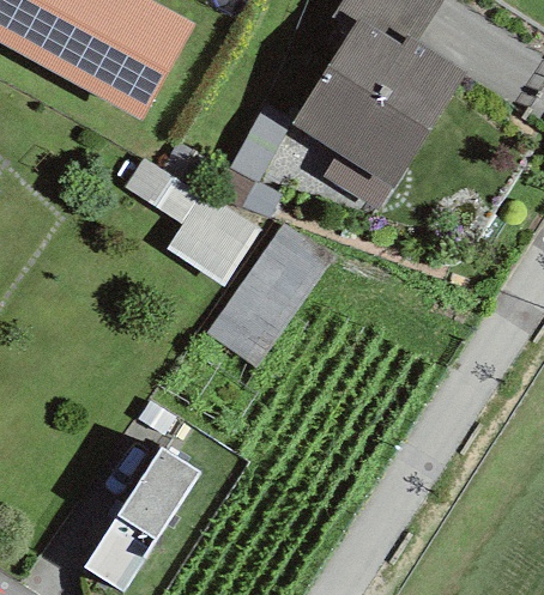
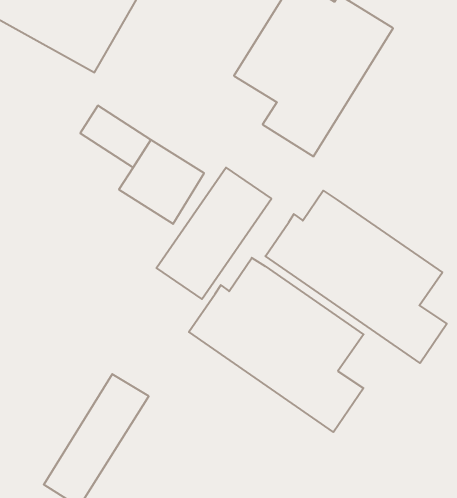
building: none -> [265,191,447,363]
building: none -> [189,258,364,432]

